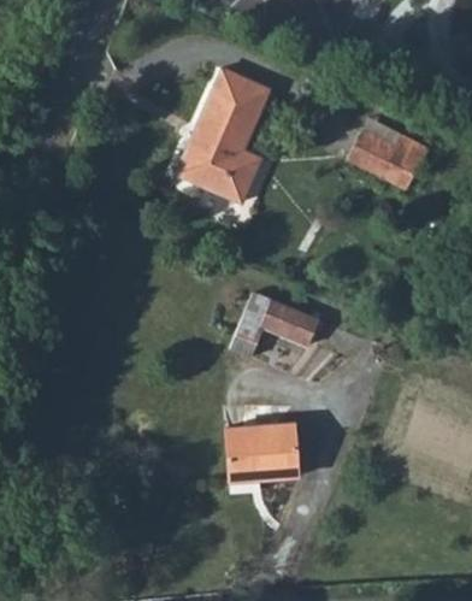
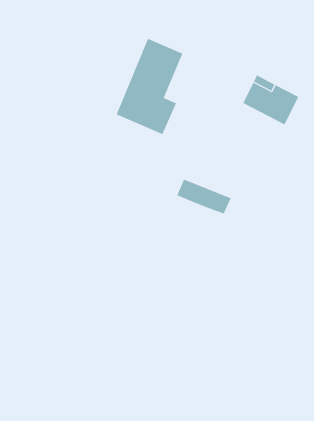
building: [244,294,319,342] -> [176,179,231,214]
building: [226,423,296,479] -> none

